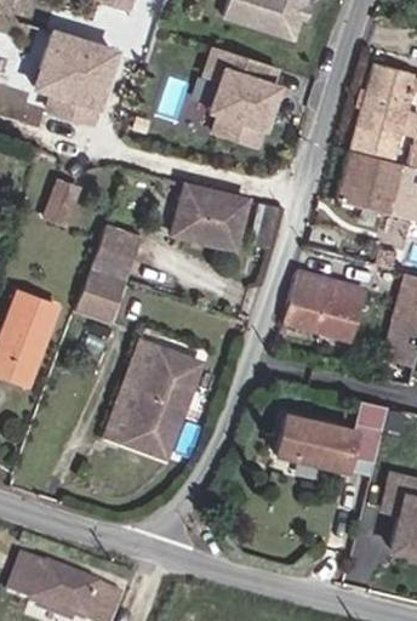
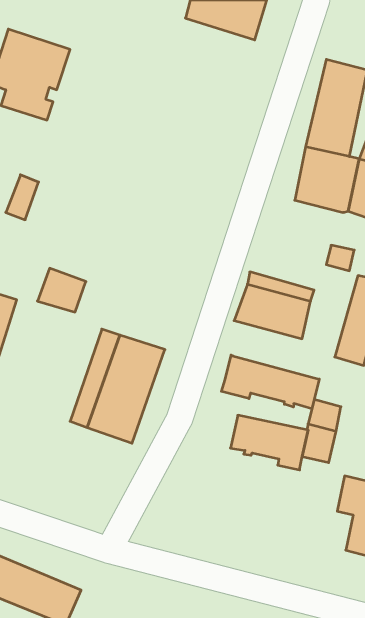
building: [205,50,280,148] -> none
building: [172,180,247,245] -> none
building: [93,221,148,284] -> none
building: none -> [221,355,319,409]

